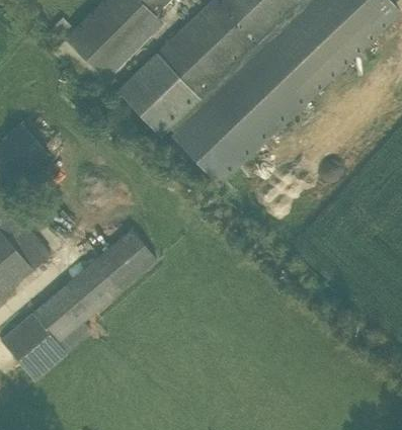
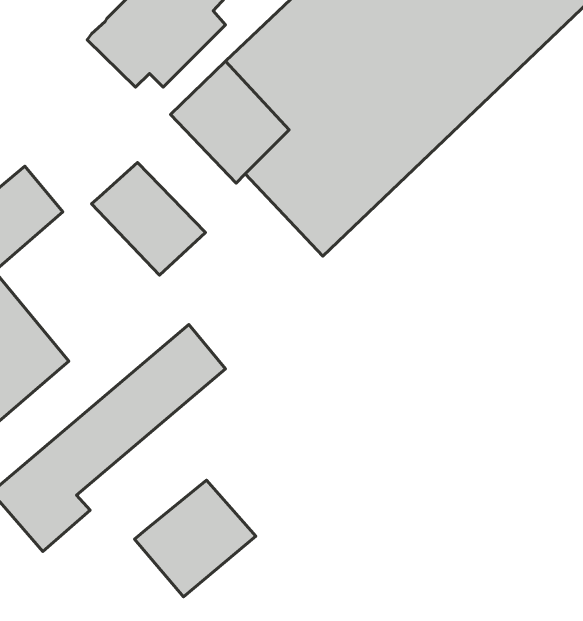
building: none -> [92,162,206,275]
building: none -> [135,480,256,597]

